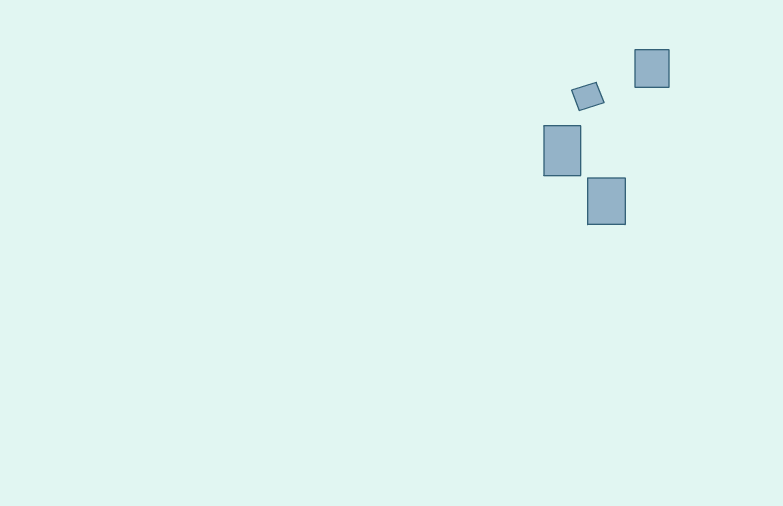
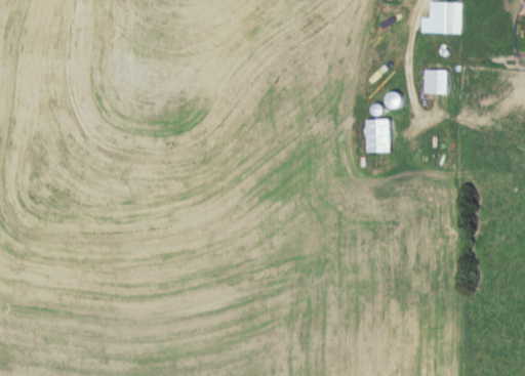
building: [588,178,625,225] -> none

